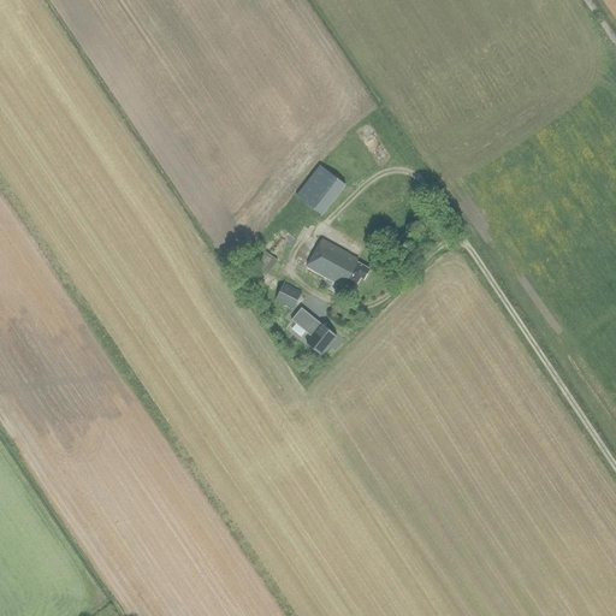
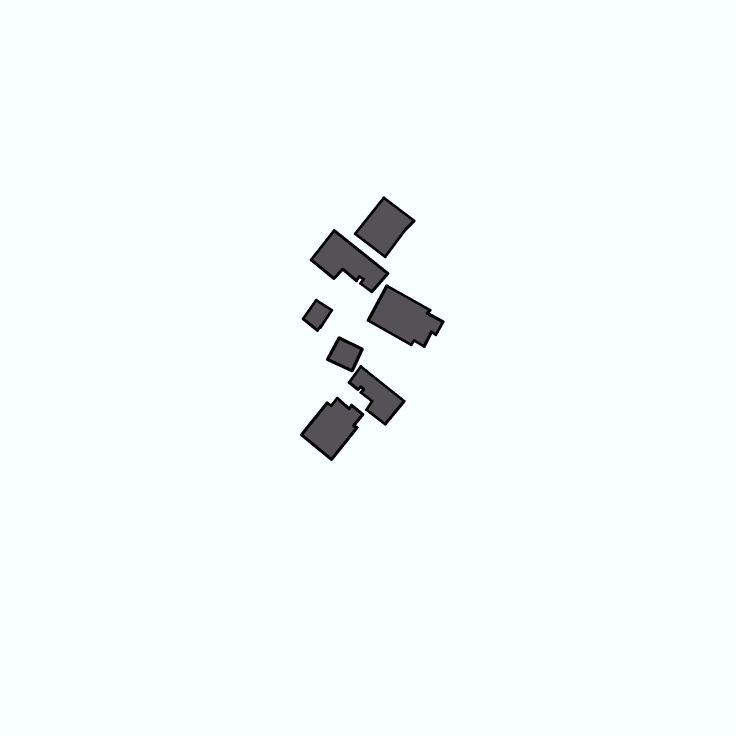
building: none -> [311,231,388,292]
building: none -> [301,398,363,460]

